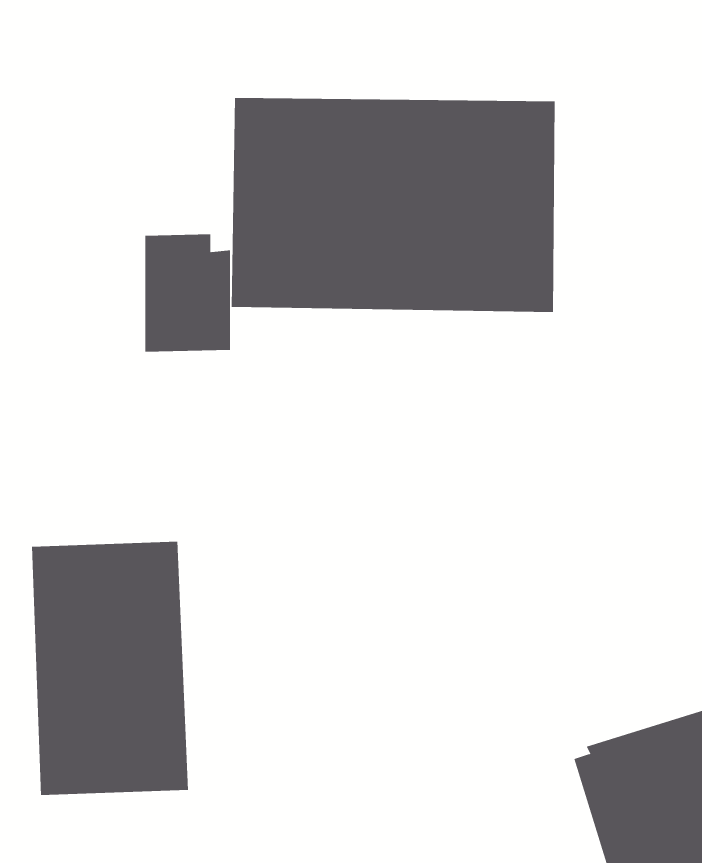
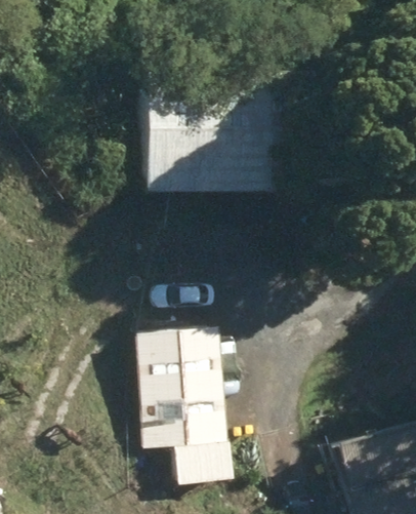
building: [31,541,189,796] -> [136,332,226,478]

